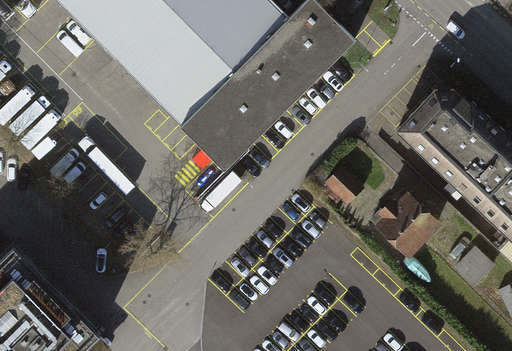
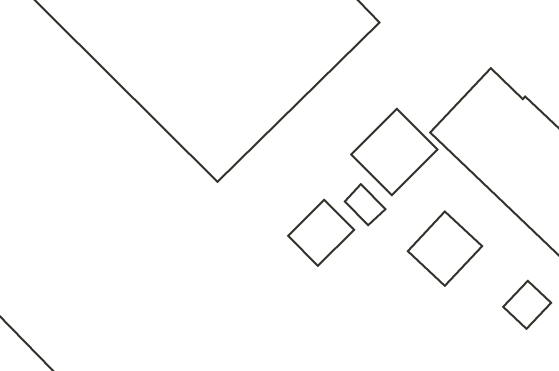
building: none -> [351,109,438,195]
building: none -> [288,200,354,266]

